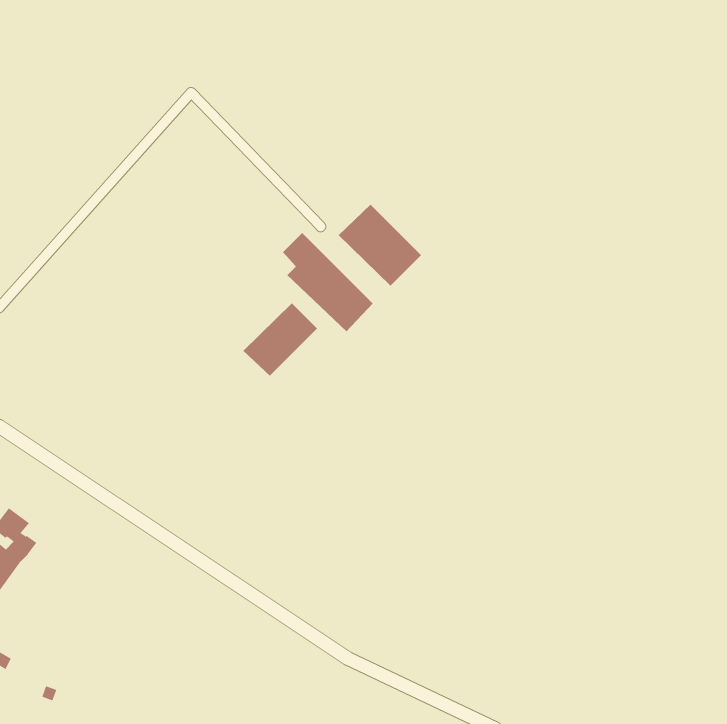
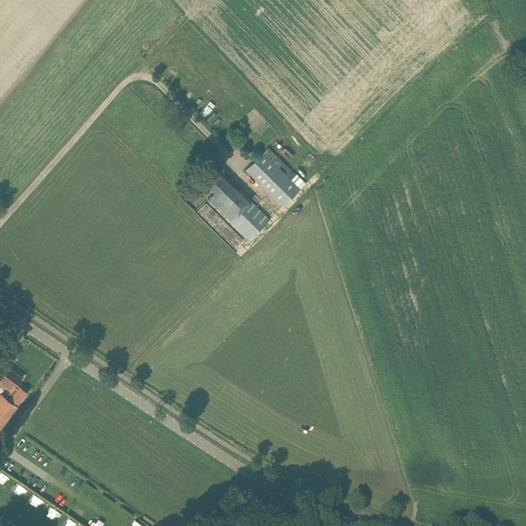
building: [243,302,318,377] -> none

